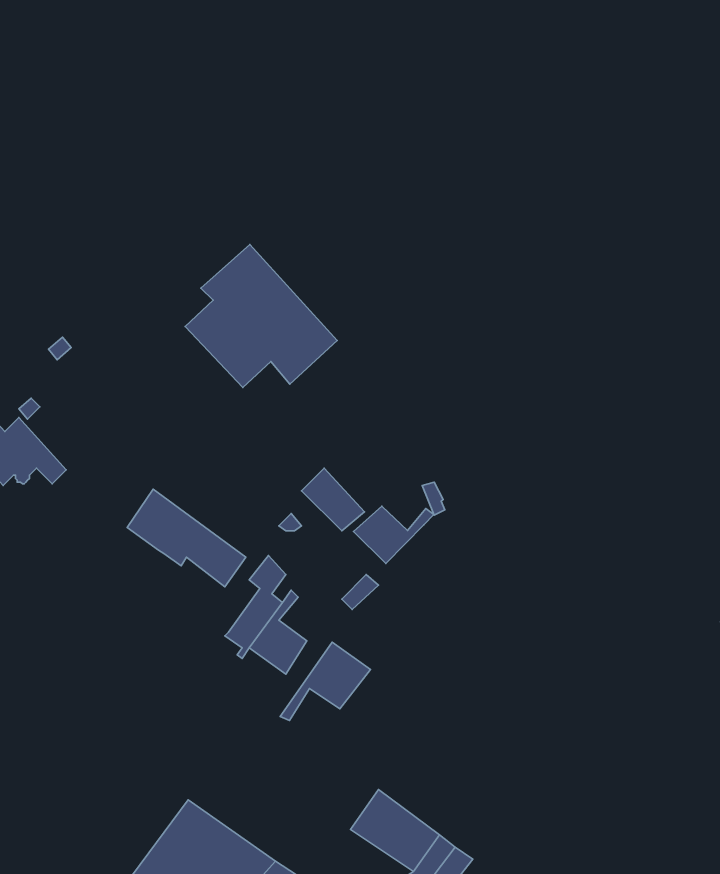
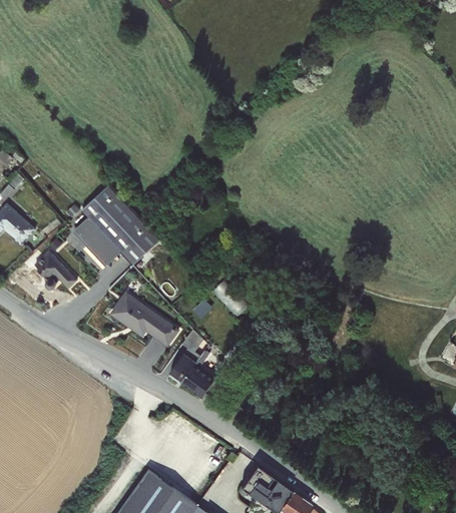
building: [185,244,337,388] -> [72,184,159,267]
building: [354,506,434,564] -> none
building: [280,642,371,721] -> none

